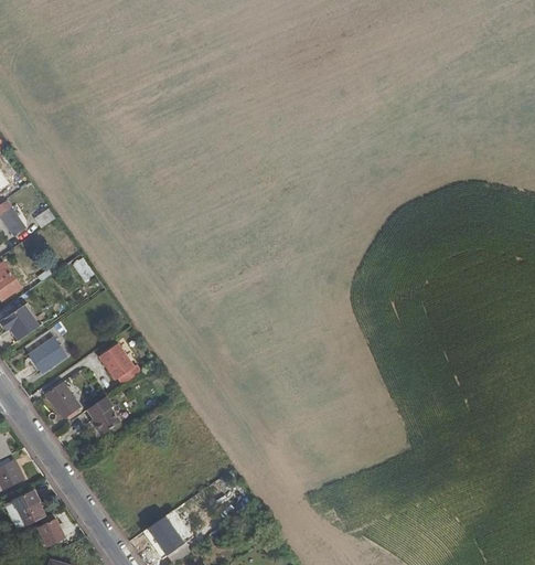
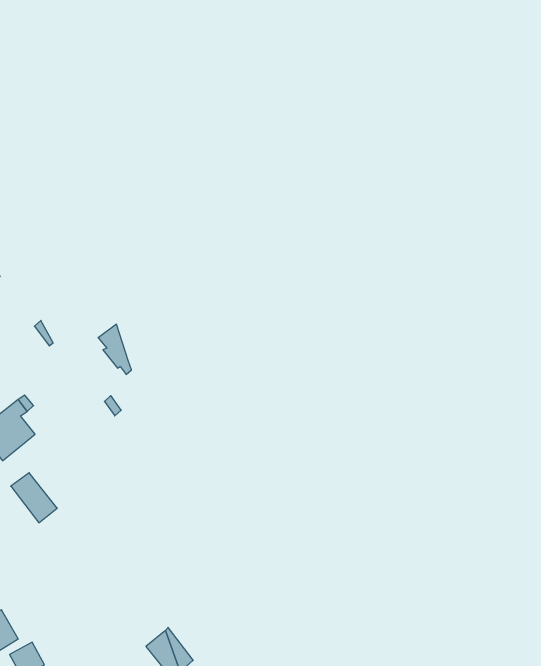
building: [100,344,126,385] -> [98,324,131,374]
building: [86,396,120,435] -> none

